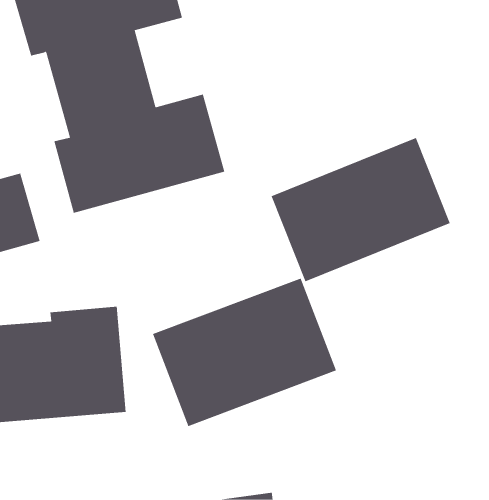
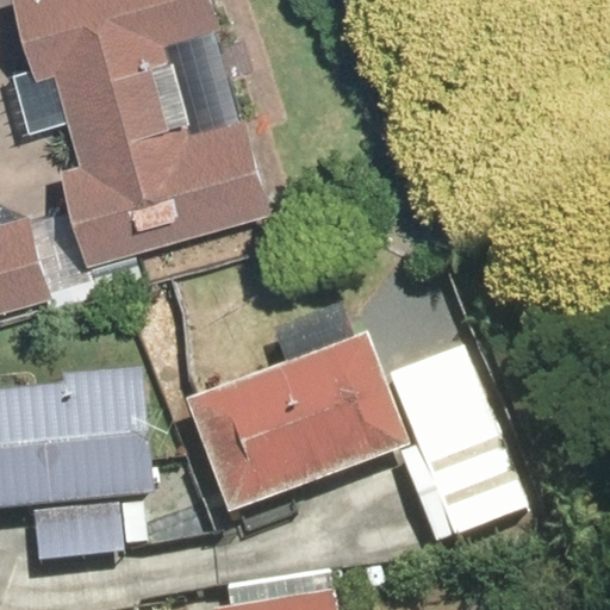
building: [271,137,450,282] -> none
building: none -> [388,349,523,537]

